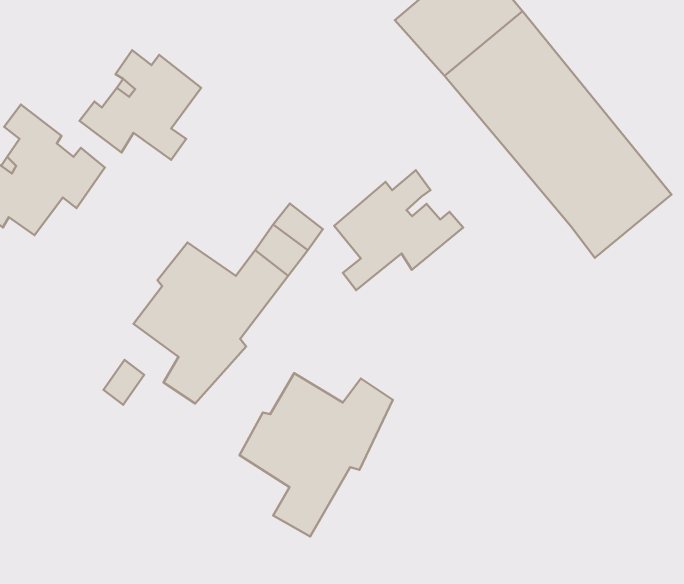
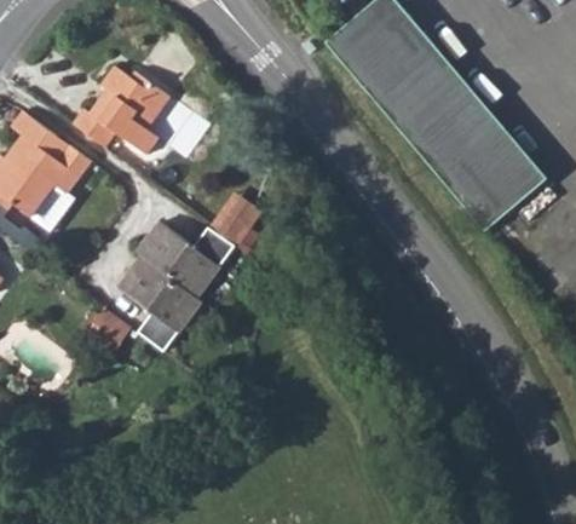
building: [334,170,463,290] -> none
building: [240,373,393,536] -> none

